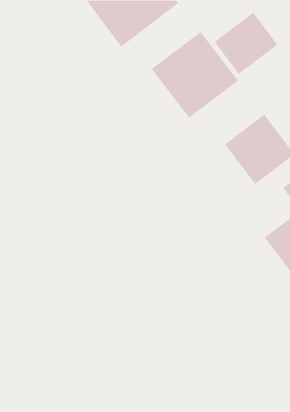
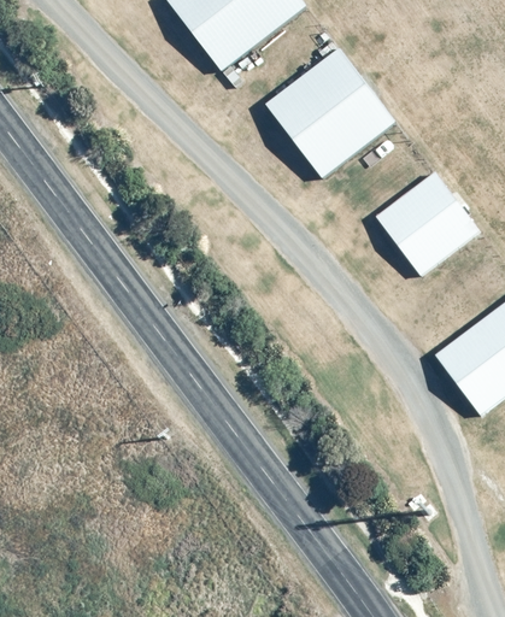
building: [214,12,278,75] -> none

